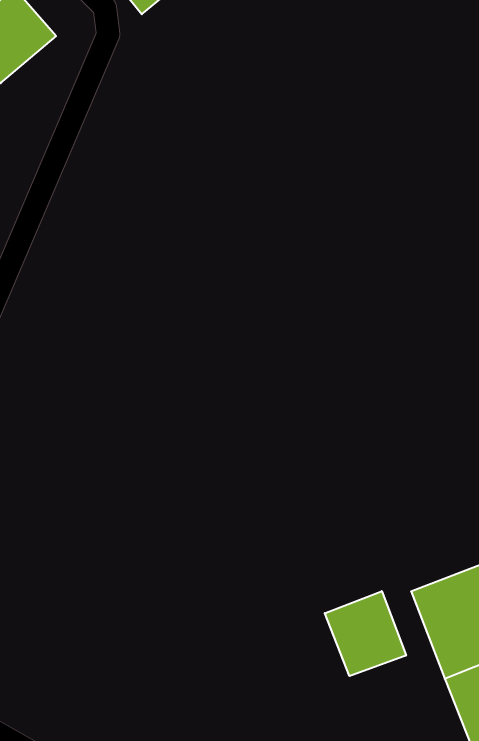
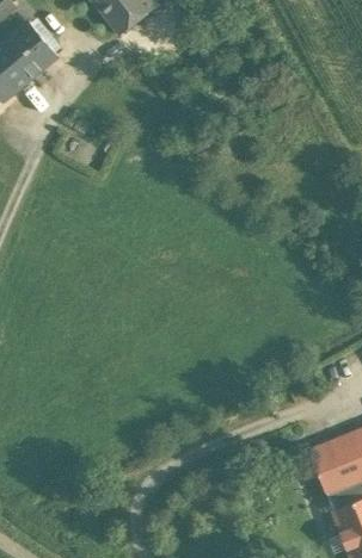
building: [325,591,406,676] -> none

